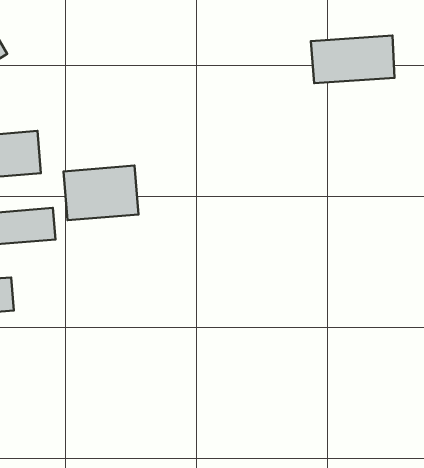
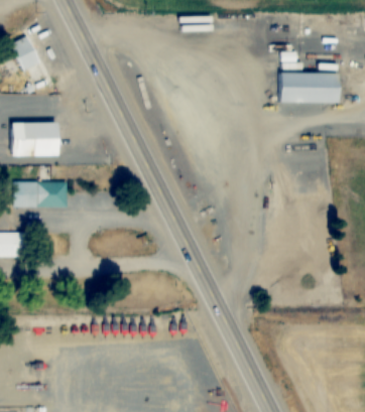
building: [63,166,138,220] -> none

